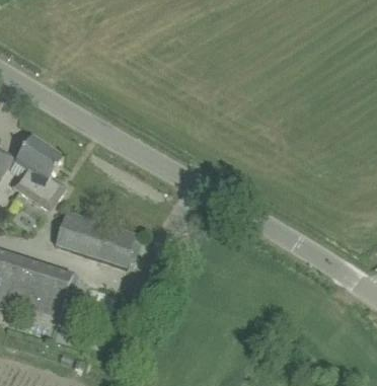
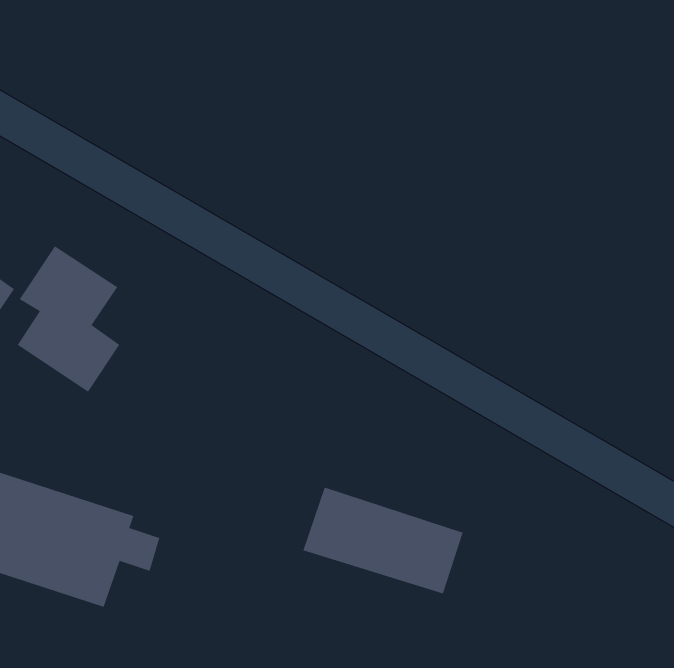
building: [54,211,136,265] -> [302,487,463,594]

